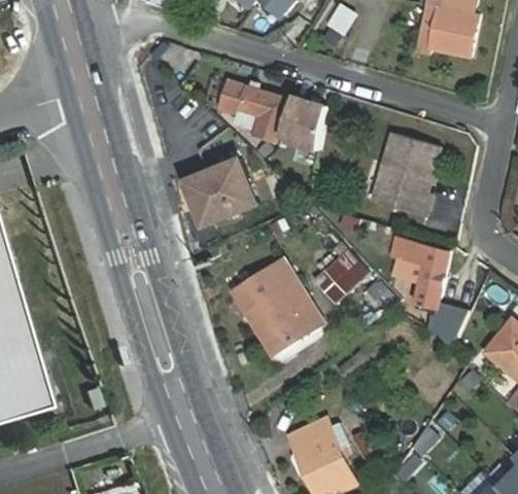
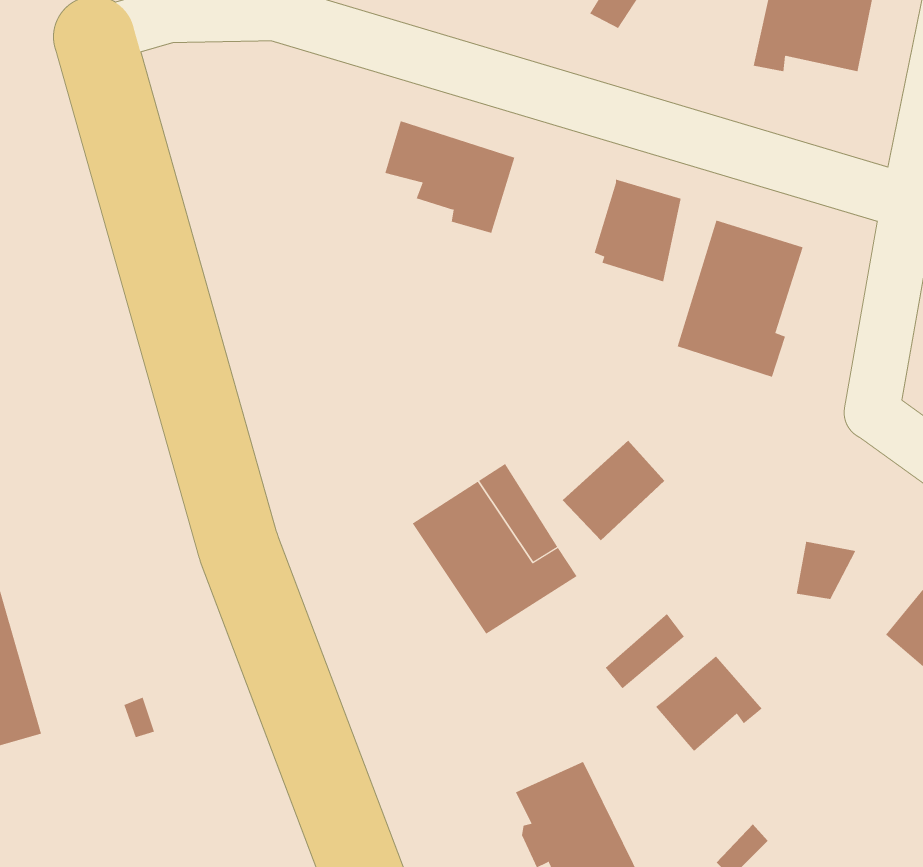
building: [280,96,326,150] -> [594,179,681,282]
building: [192,158,257,222] -> none
building: [389,236,449,308] -> none
building: none -> [655,656,763,752]

